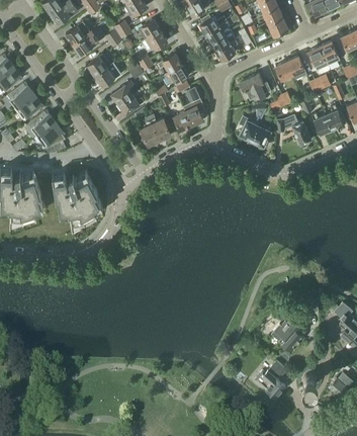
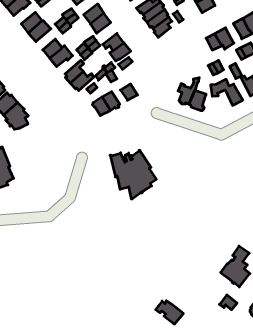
building: [240,74,272,100] -> none
building: [184,87,204,124] -> none
building: [53,172,103,227] -> [110,150,156,199]
building: [255,370,286,398] -> [156,301,183,324]

